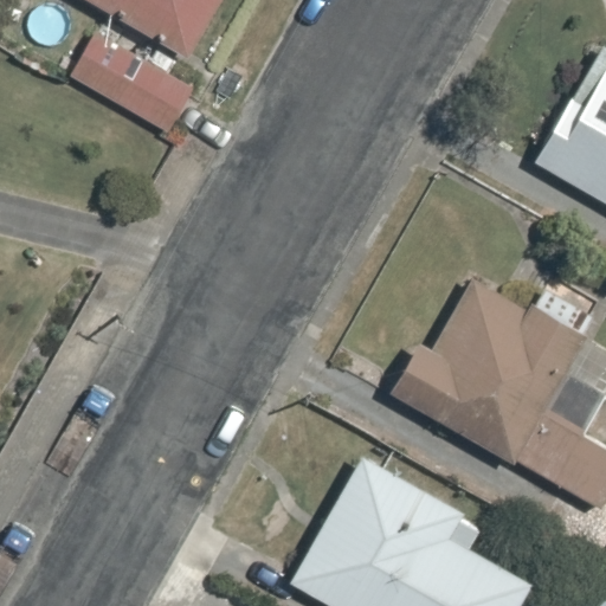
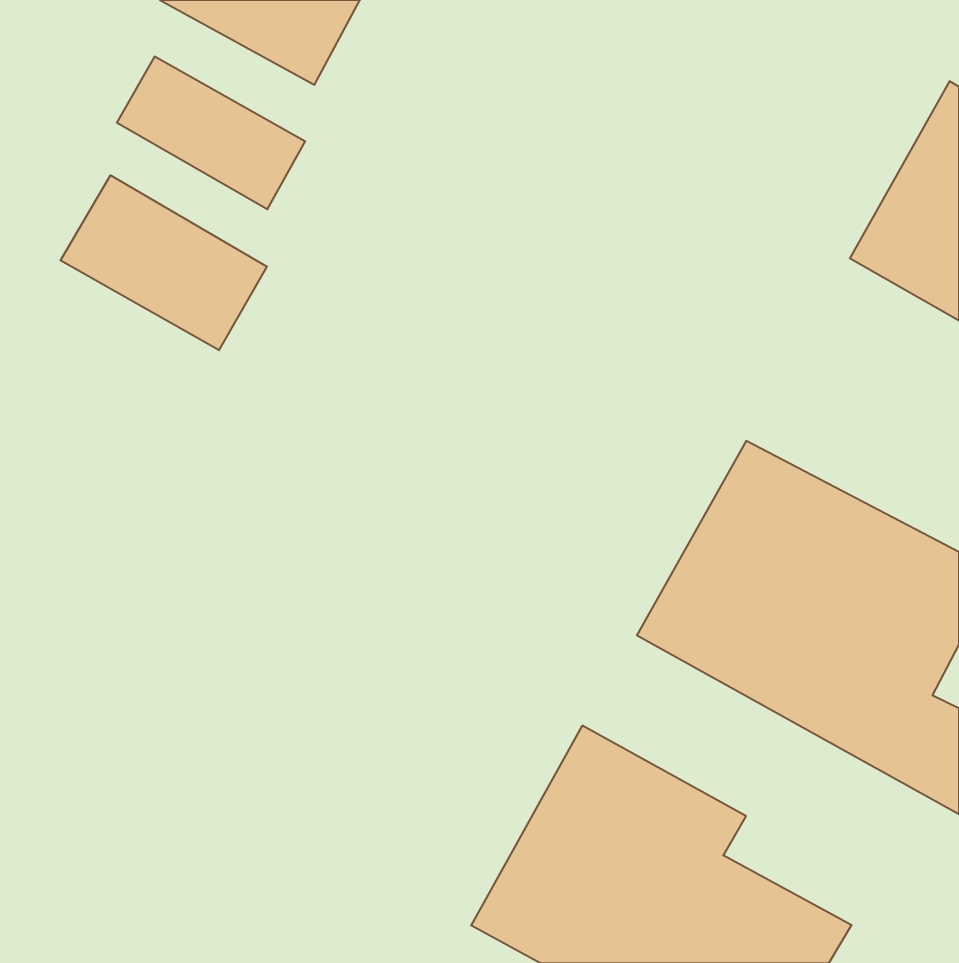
building: none -> [61,175,267,350]

